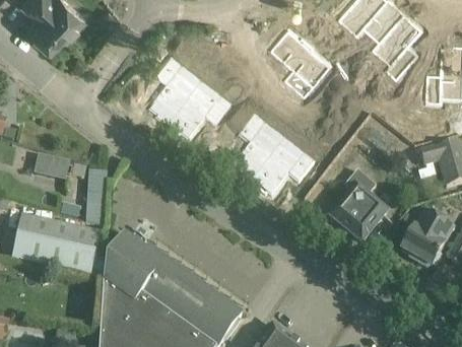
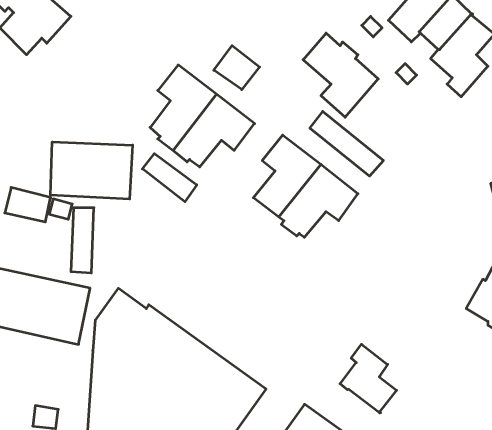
building: none -> [214,46,260,90]
building: none -> [310,111,383,176]
building: none -> [51,142,133,199]
building: none -> [142,154,197,202]
building: [329,169,387,240] -> none
building: none -> [340,344,397,413]

